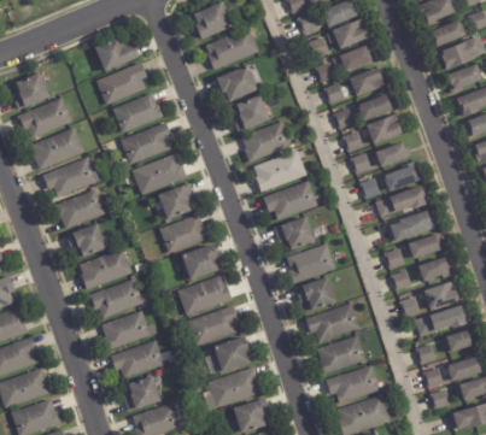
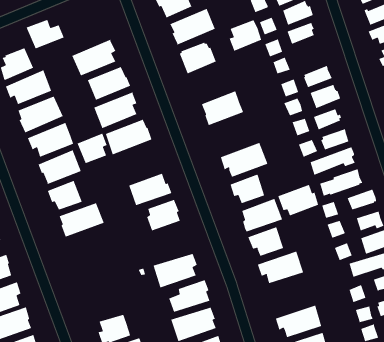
building: [92,36,136,71] -> [26,19,65,49]
building: [349,65,383,95] -> none
building: [232,94,270,131] -> [228,19,262,52]
building: [253,149,306,192] -> none
building: [156,183,192,219] -> [77,133,108,164]
building: none -> [277,184,319,217]
building: [177,275,232,316] -> none
building: [89,278,142,318] -> none
building: [101,310,156,351] -> none
building: [317,335,365,376] -> none
building: [110,340,164,378] -> none

